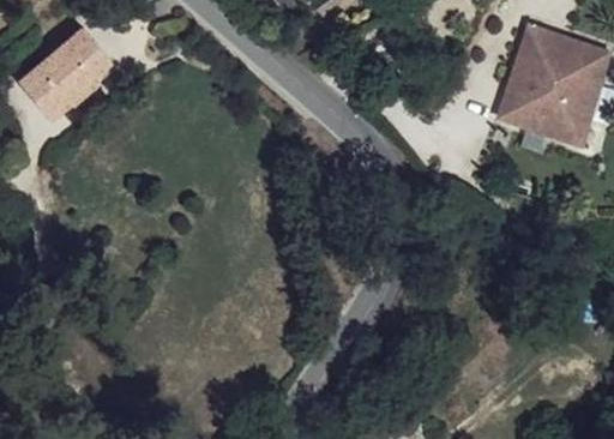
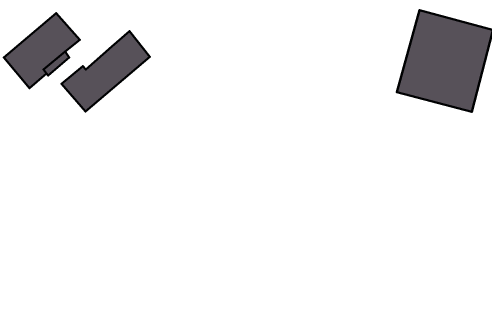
building: none -> [62,31,150,112]

